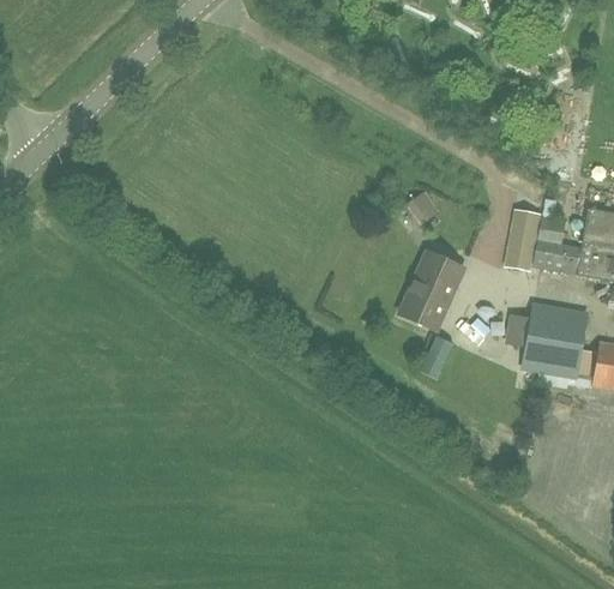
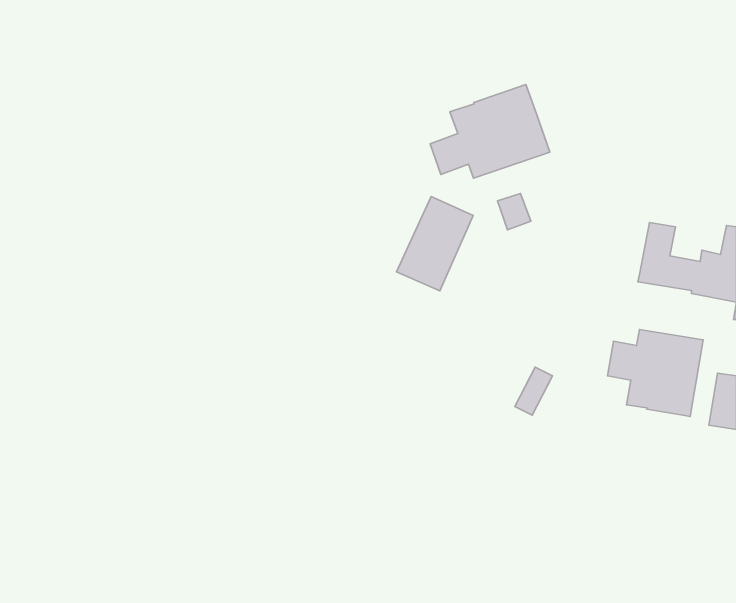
building: none -> [430,84,550,178]
building: [507,209,540,270] -> none
building: [398,252,462,330] -> [396,197,473,291]

